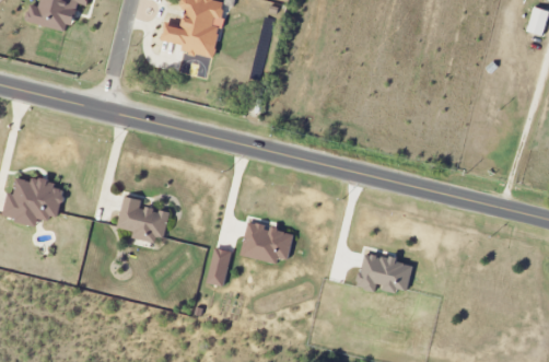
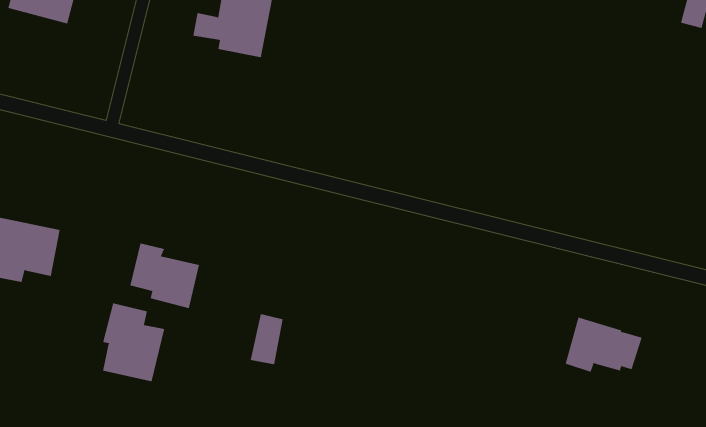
building: [240,221,294,262] -> none
building: none -> [103,303,165,382]
building: [355,250,413,292] -> [565,317,643,373]

